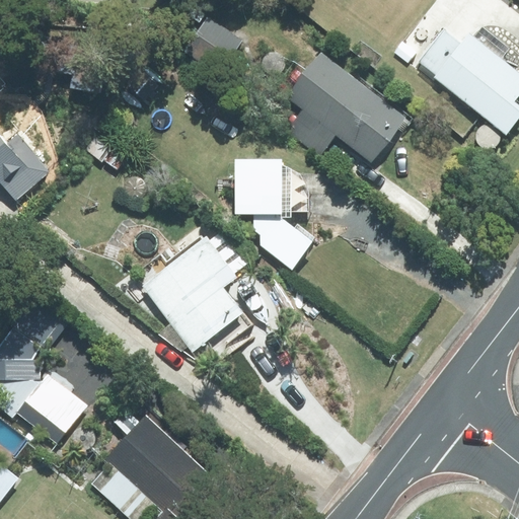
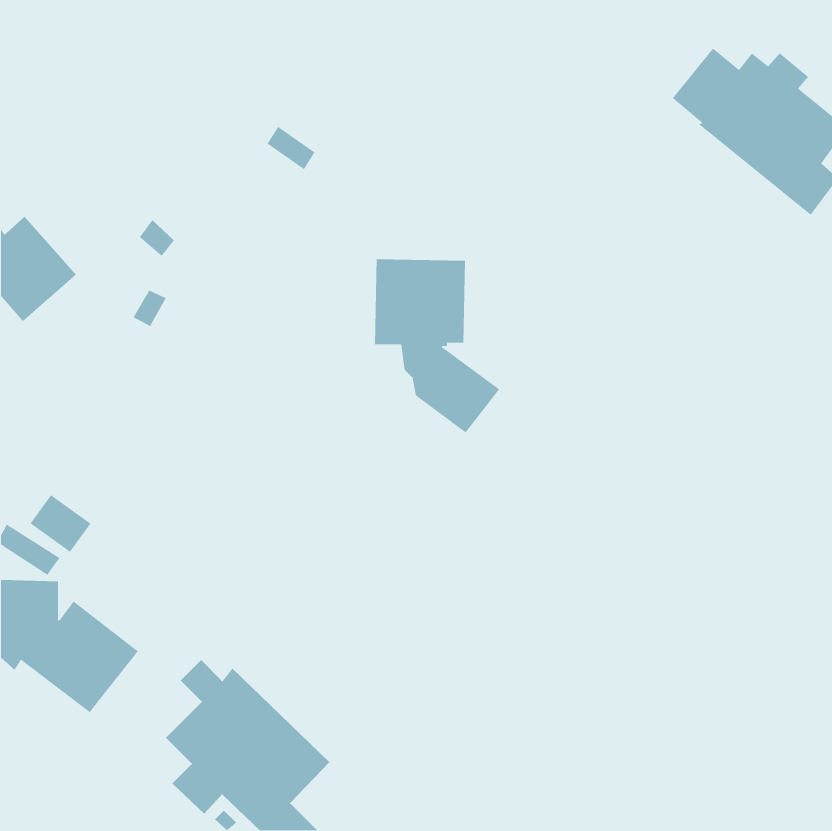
building: [186,16,242,73] -> none
building: [287,53,410,162] -> none
building: [143,238,242,351] -> none

